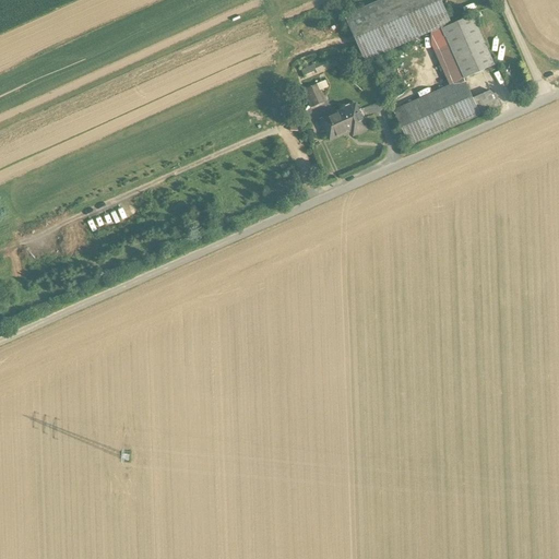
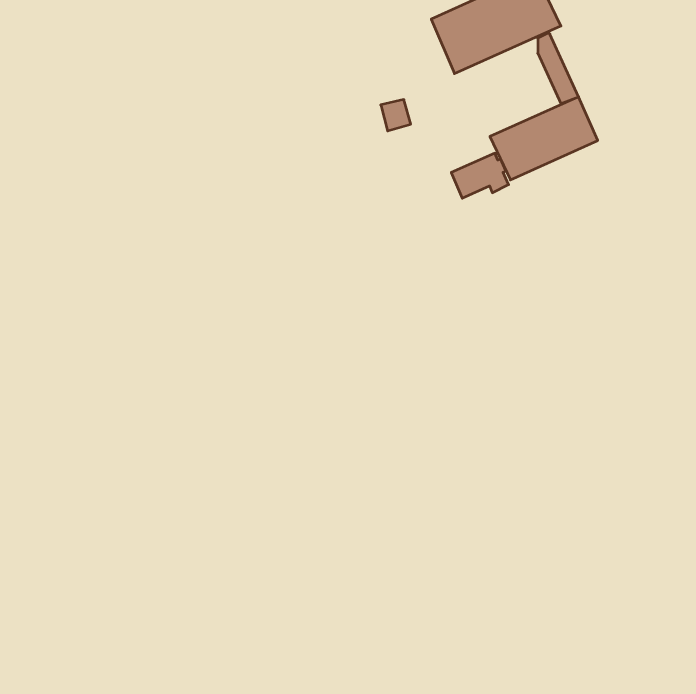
building: [441,14,493,78] -> none
building: [320,103,366,139] -> [451,153,509,198]

